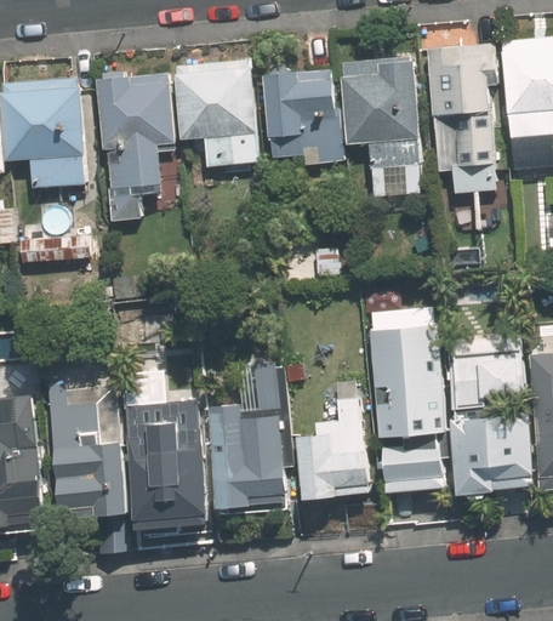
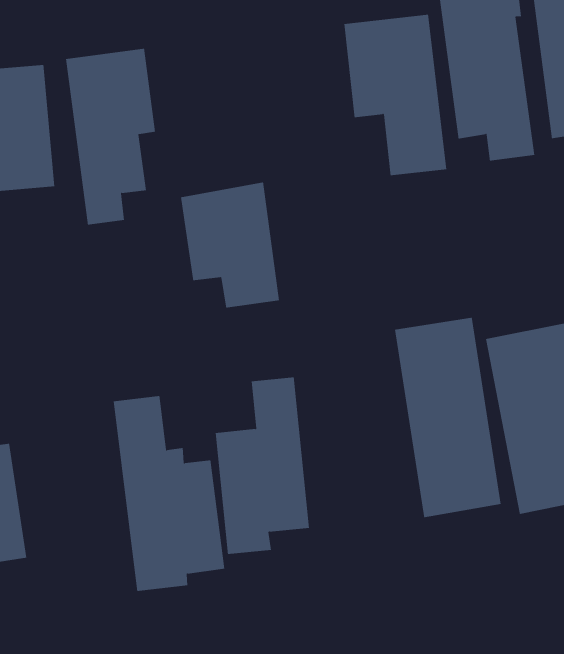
building: [175,59,255,166] -> [180,182,280,308]
building: [264,70,341,164] -> none
building: [46,392,125,515] -> none
building: [297,395,372,497] -> none

